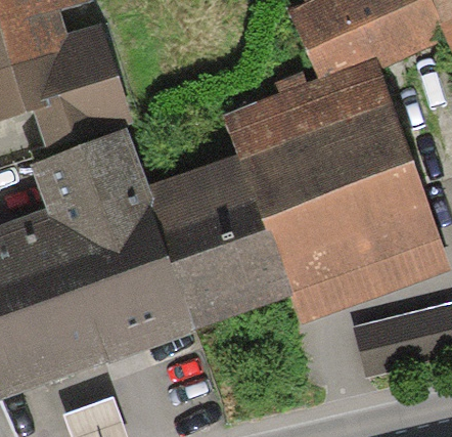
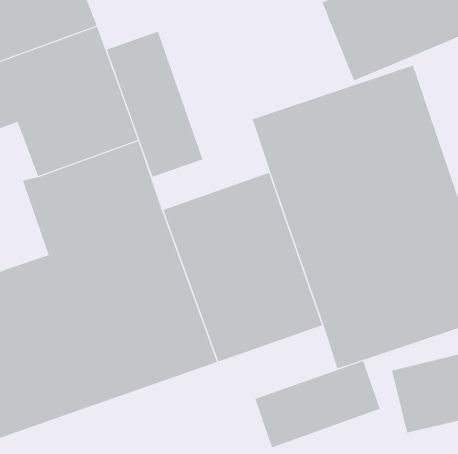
building: none -> [106,31,203,177]
building: none -> [254,360,381,448]

